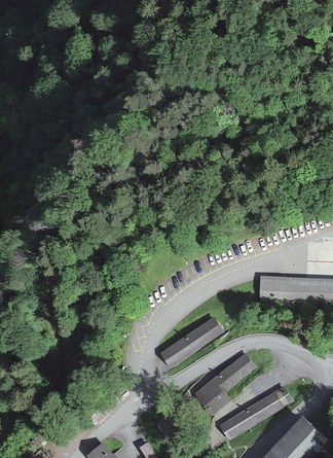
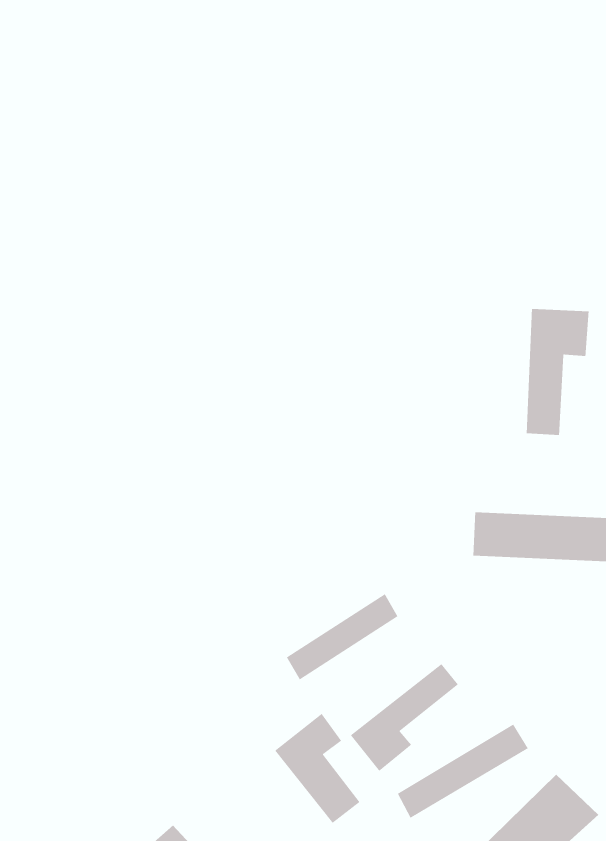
building: none -> [526,308,589,436]
building: none -> [274,713,361,824]

